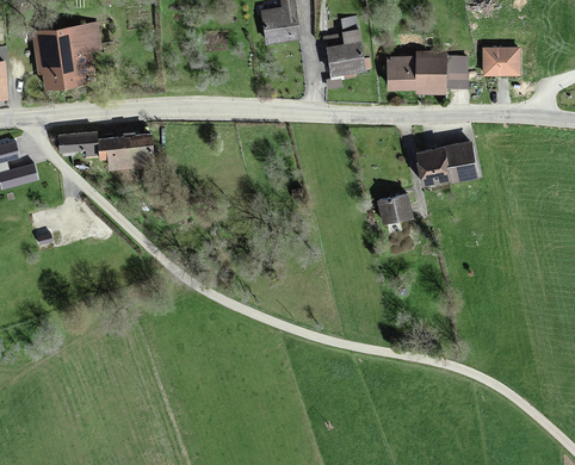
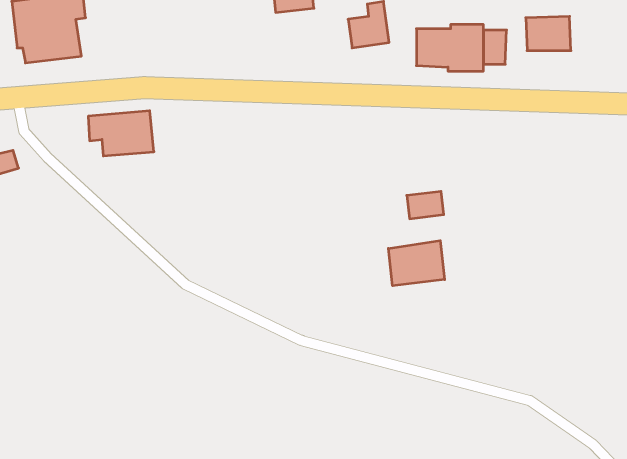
building: [60,123,101,155] -> none
building: [418,145,475,186] -> none
building: none -> [388,241,445,286]

